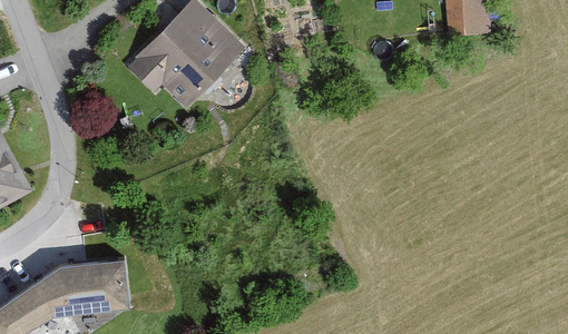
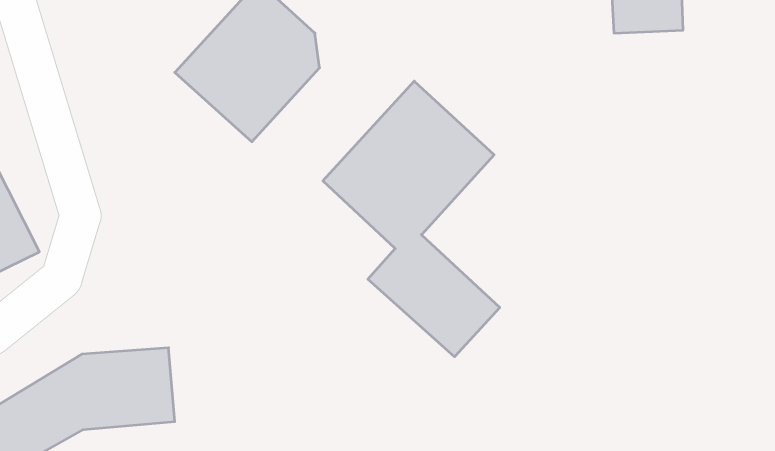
building: none -> [323,81,500,357]

